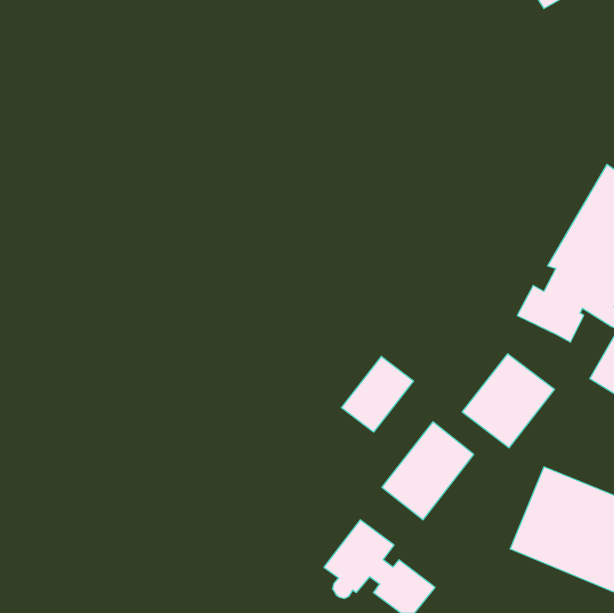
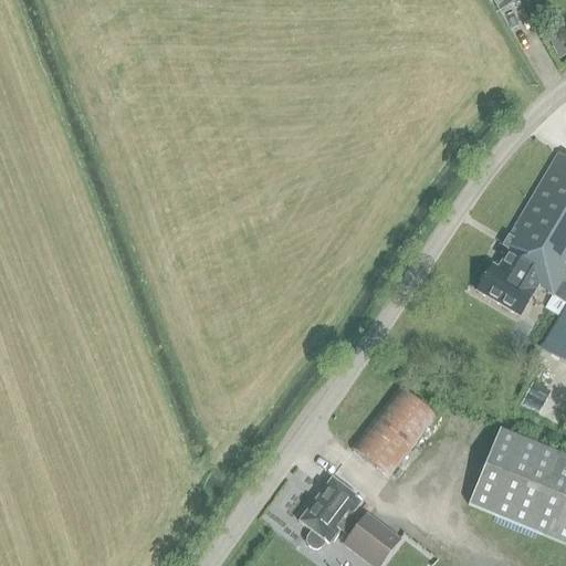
building: [462,354,554,448] -> none
building: [341,356,413,432] -> none

